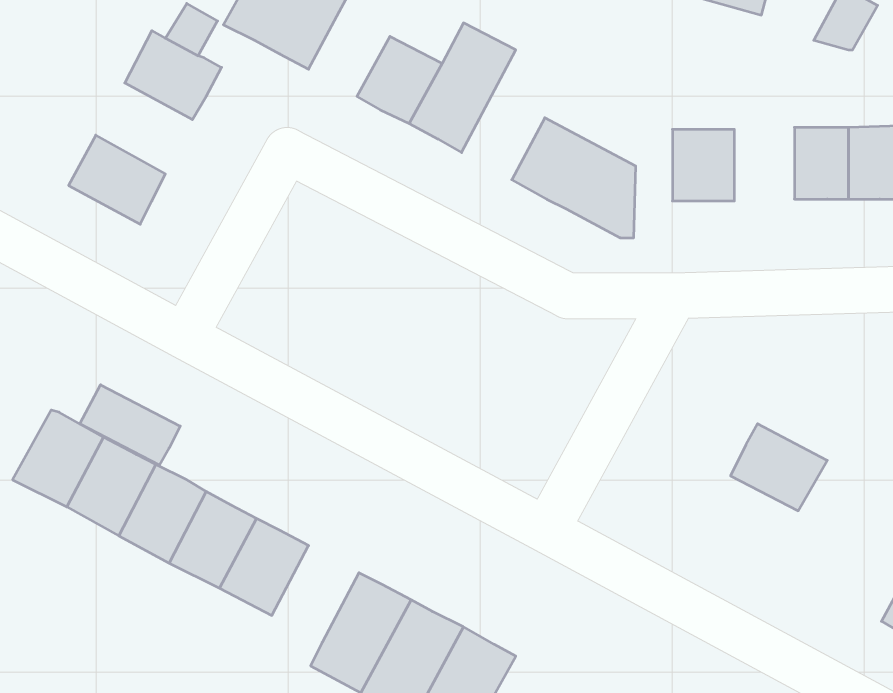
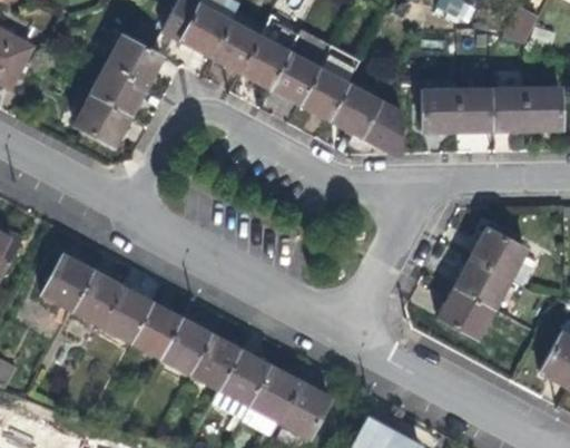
building: none -> [210,23,257,72]
building: none -> [298,46,360,120]
building: none -> [88,65,144,117]
building: none -> [455,90,490,133]
building: none -> [469,230,525,282]
building: [80,385,180,465] -> none
building: none -> [436,291,492,341]
building: none -> [189,331,239,387]

